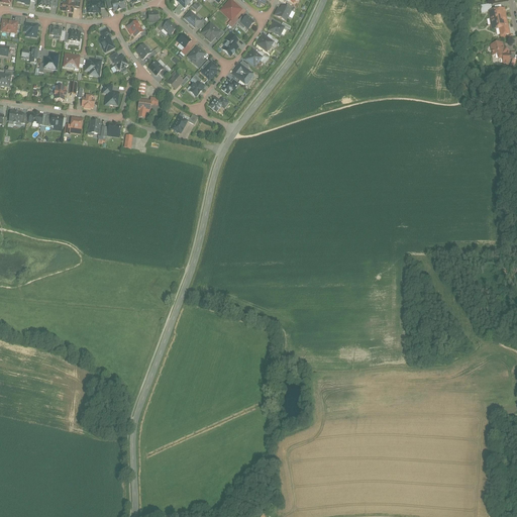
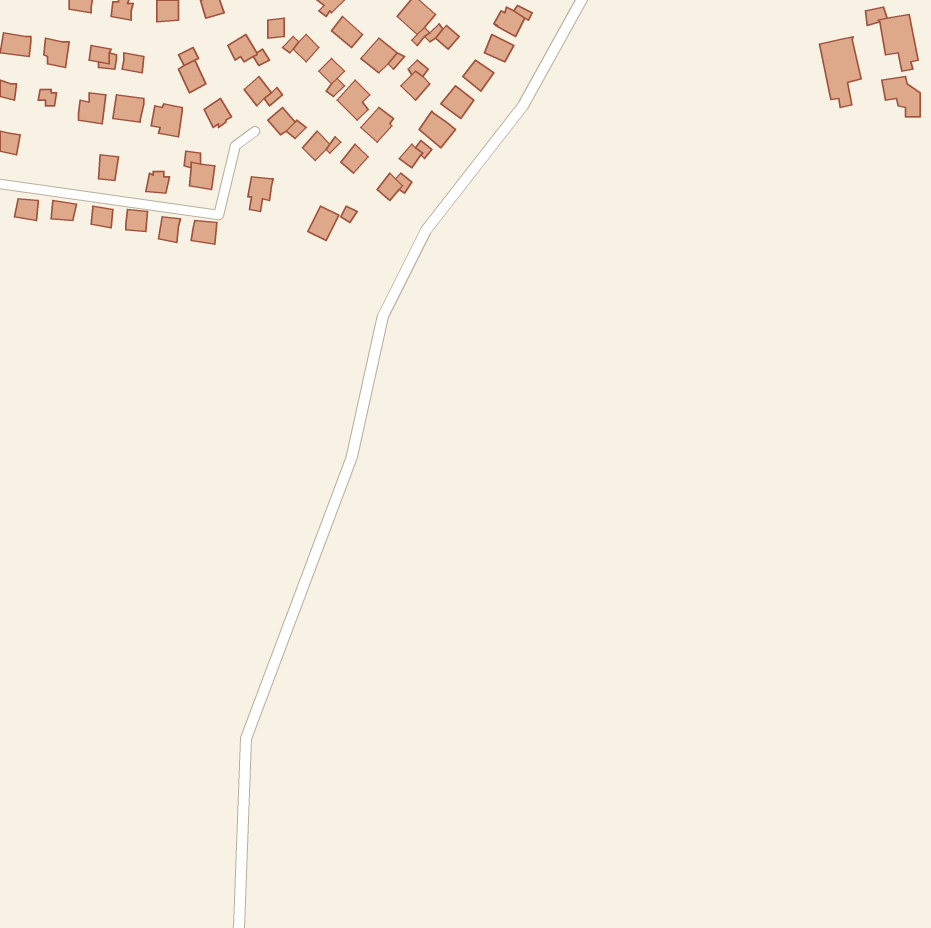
building: none -> [820,37,861,108]

